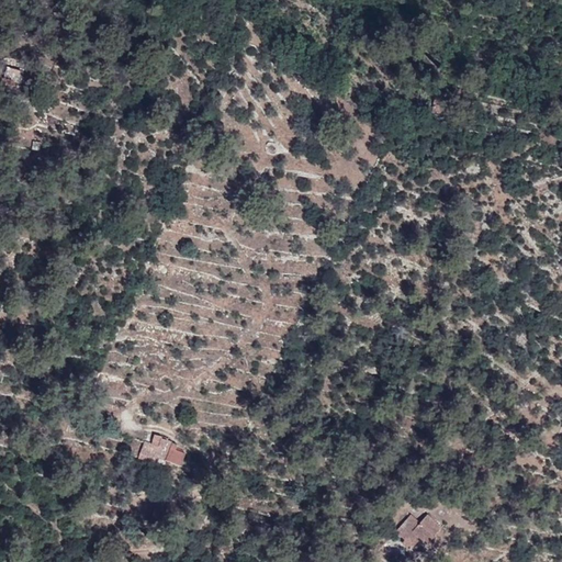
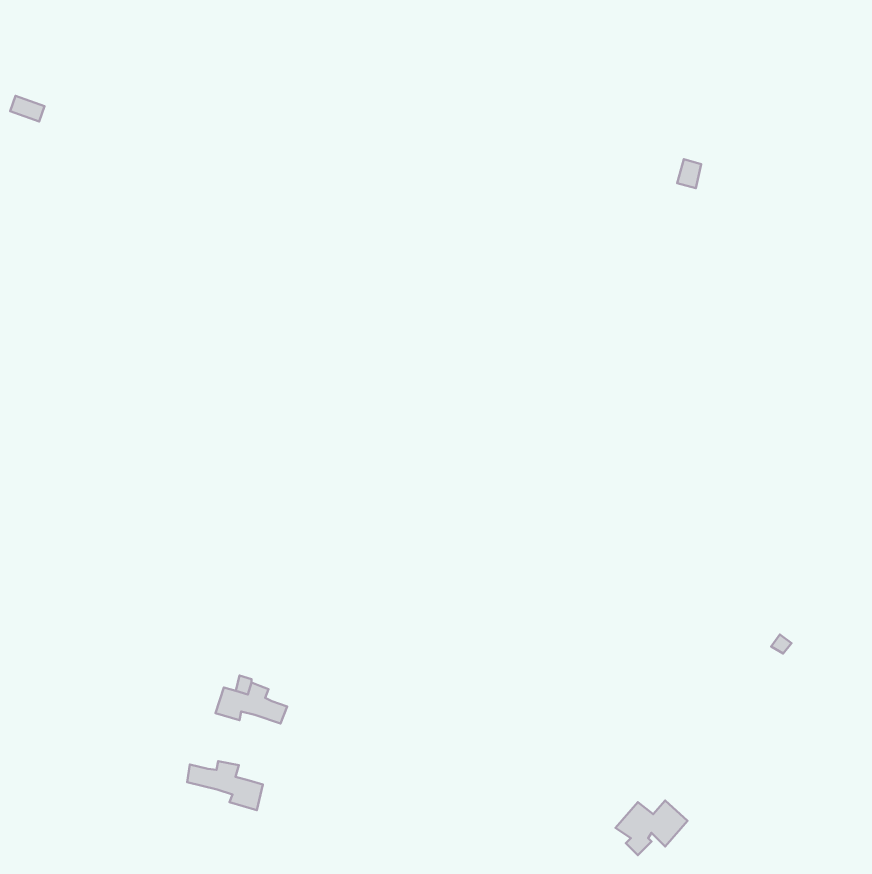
building: none -> [187,761,263,810]

